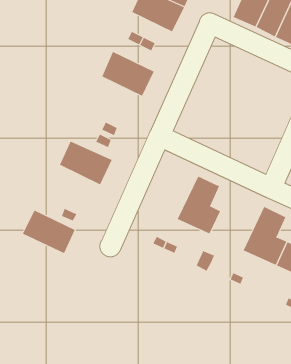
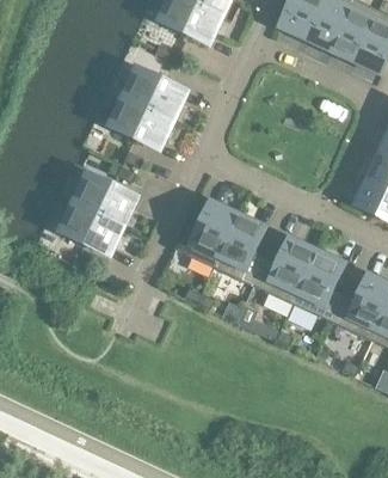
building: none -> [107,94,171,147]
building: none -> [172,200,236,264]
building: none -> [251,237,315,301]
building: [22,210,75,254] -> [57,200,121,252]

